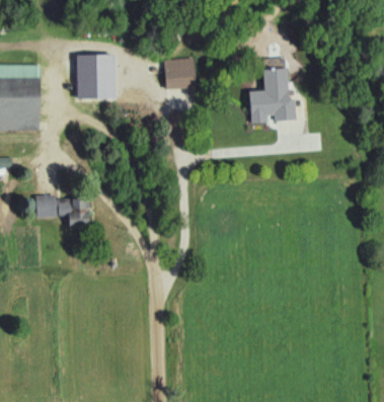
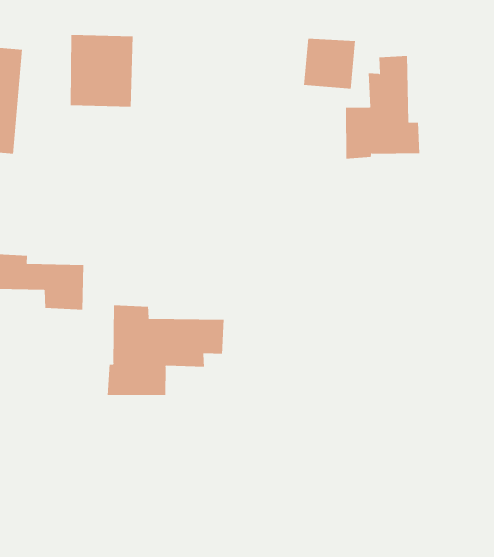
building: [163,59,195,89] -> [303,38,356,89]
building: none -> [107,305,224,396]

